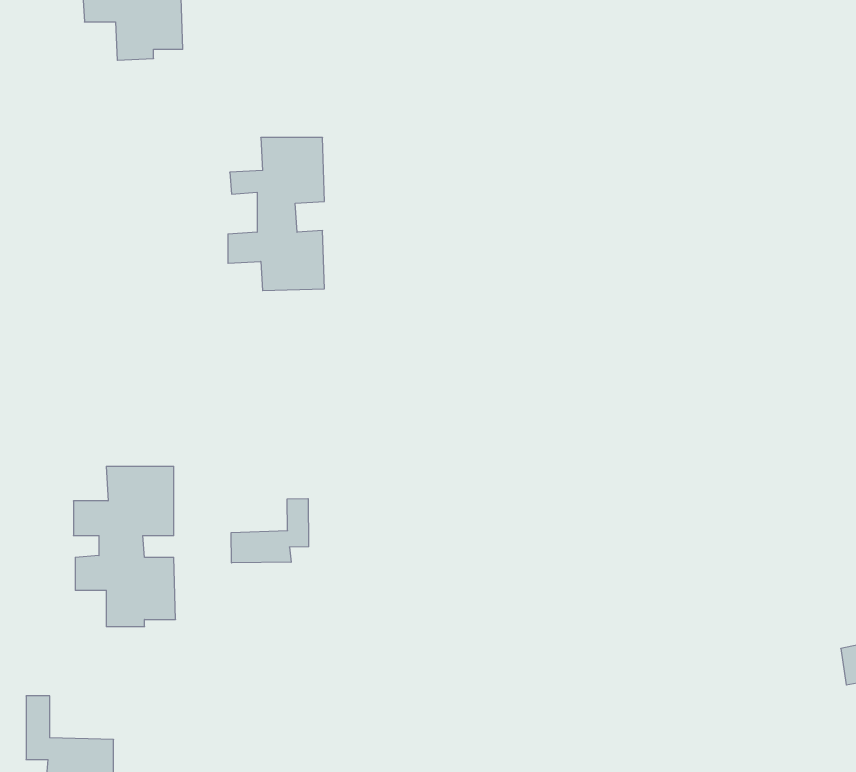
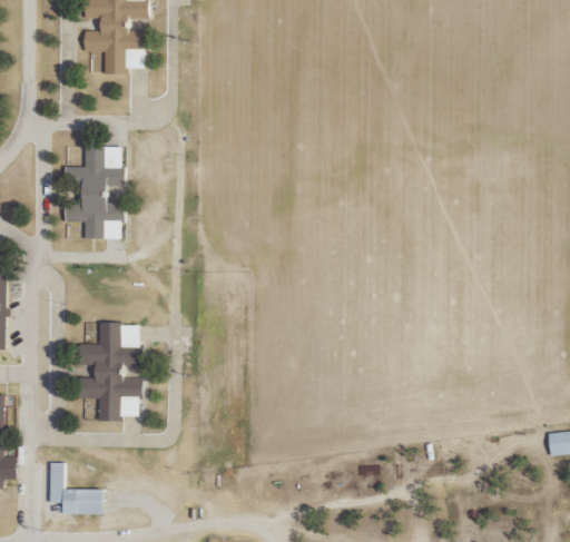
building: [228,138,324,291] -> [63,146,122,239]
building: [231,499,309,563] -> none

